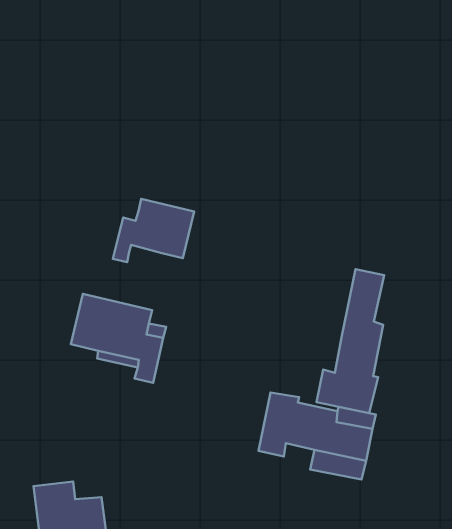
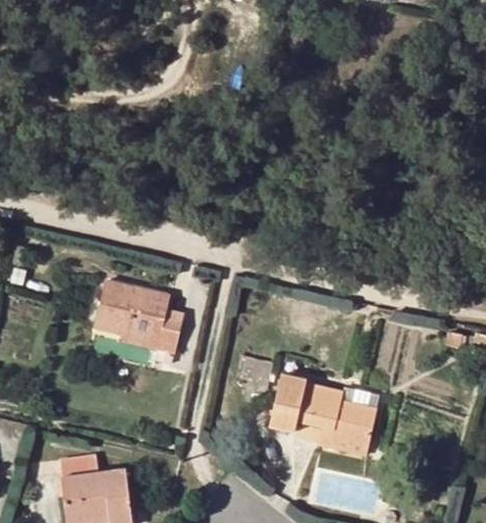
building: [113,199,194,262] -> none
building: [316,269,384,413] -> none

